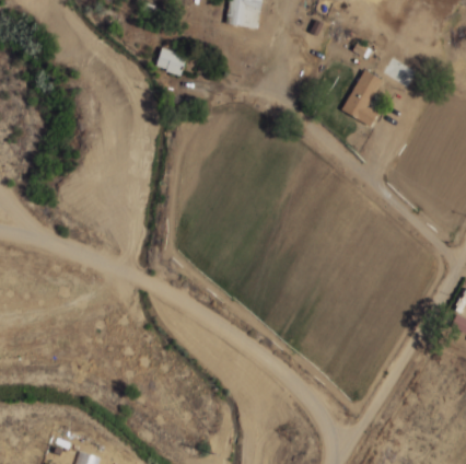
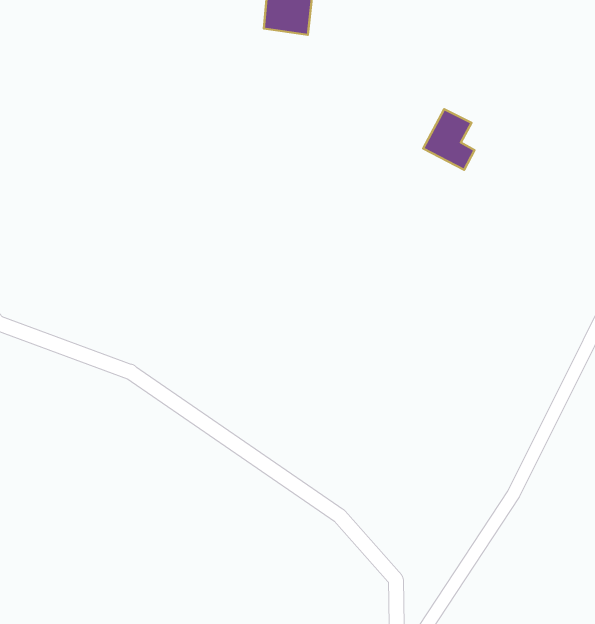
building: [155,46,188,76] -> none

